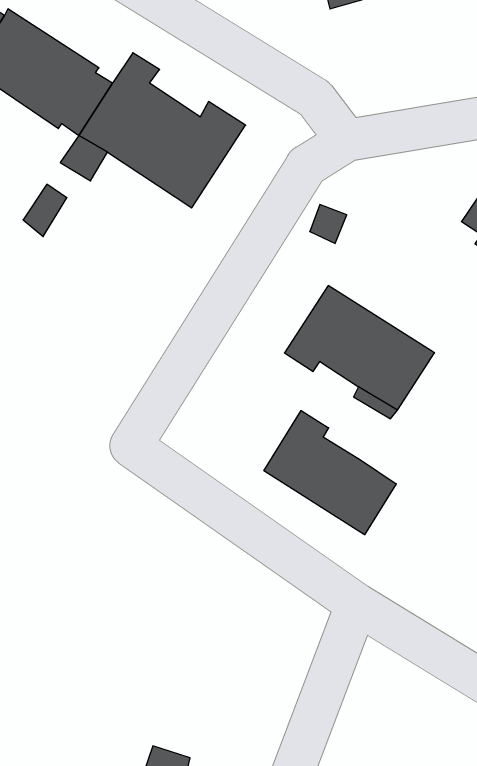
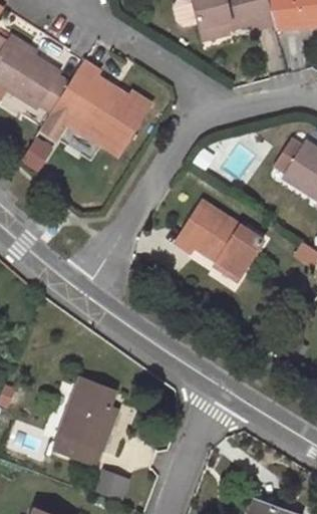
building: [264,411,396,535] -> none
building: none -> [44,379,114,468]

